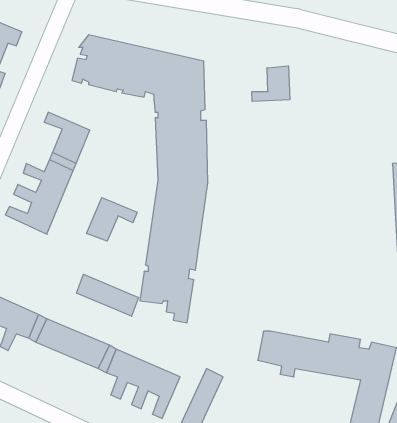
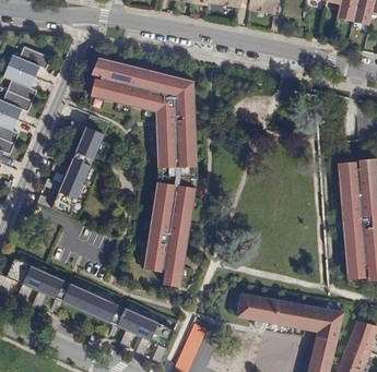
building: [252,66,290,101] -> none
building: [87,198,137,241] -> none
building: [76,274,139,316] -> none

